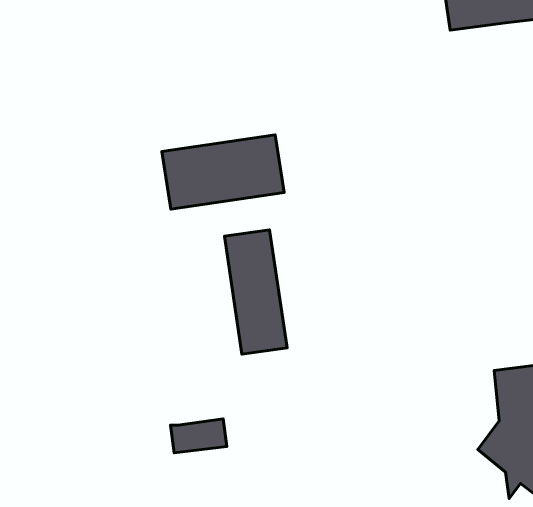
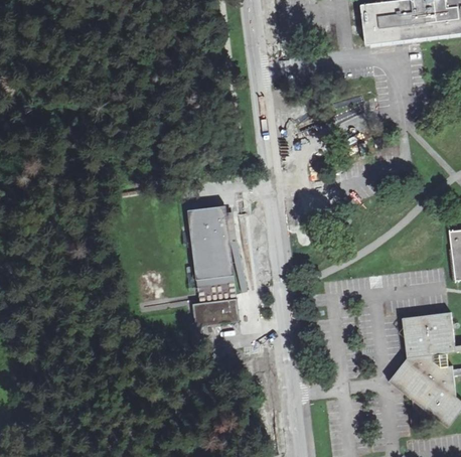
building: [162,135,284,209] -> none
building: [170,419,227,453] -> [194,299,240,326]

